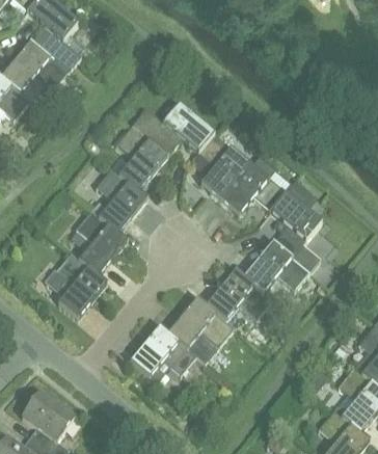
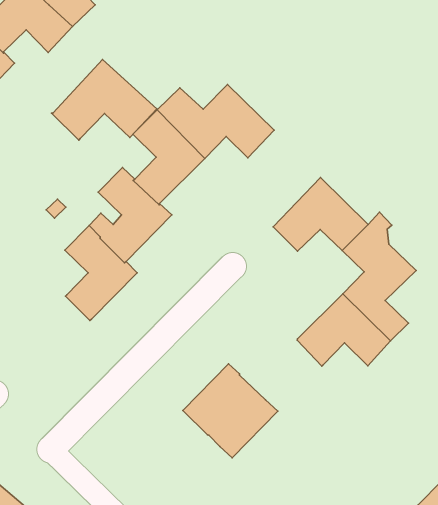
building: none -> [52,59,157,140]
building: [198,131,250,198] -> none
building: [55,251,108,318] -> none
building: [206,268,272,320] -> none
building: [130,324,196,377] -> none

